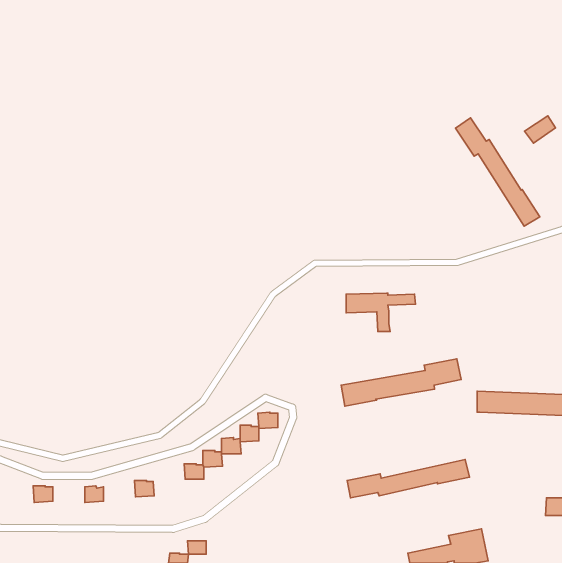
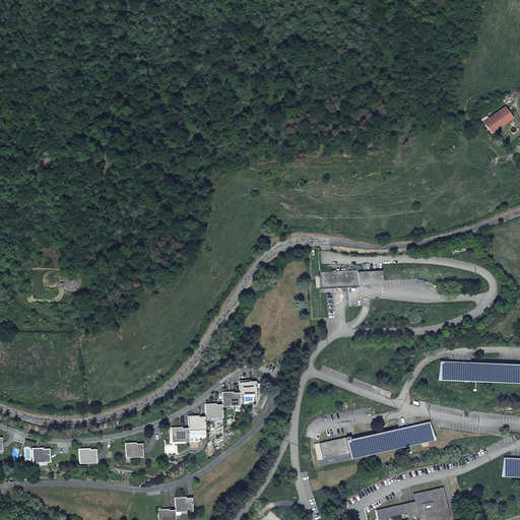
building: [455,118,540,226] -> none
building: [341,359,461,406] -> none

